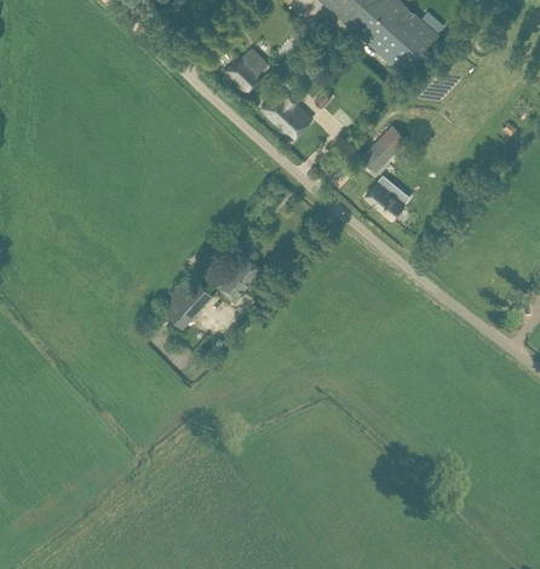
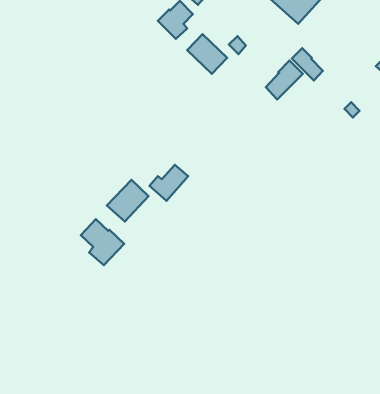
building: none -> [292,48,323,81]
building: [364,176,403,219] -> none
building: none -> [81,219,124,265]

